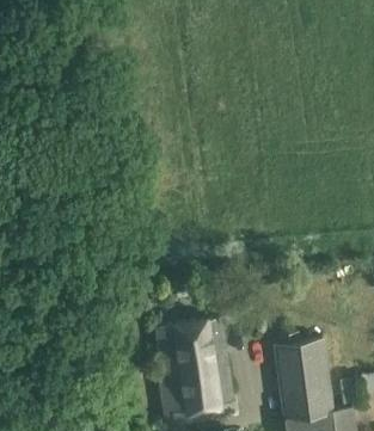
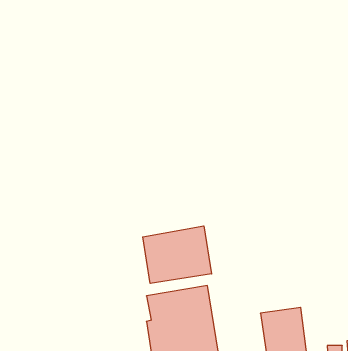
building: none -> [143,226,212,283]

